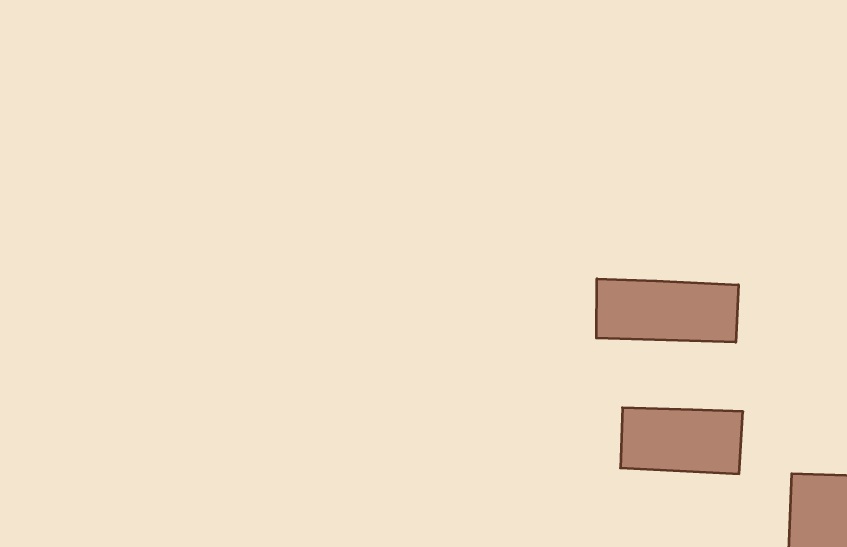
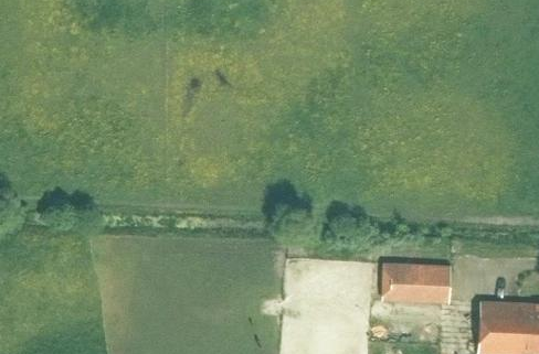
building: [596,279,738,342] -> none

